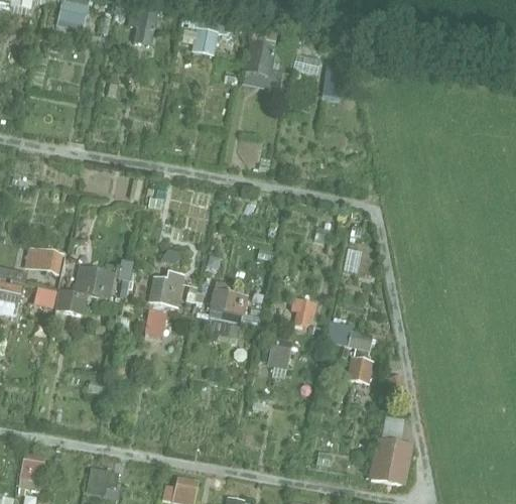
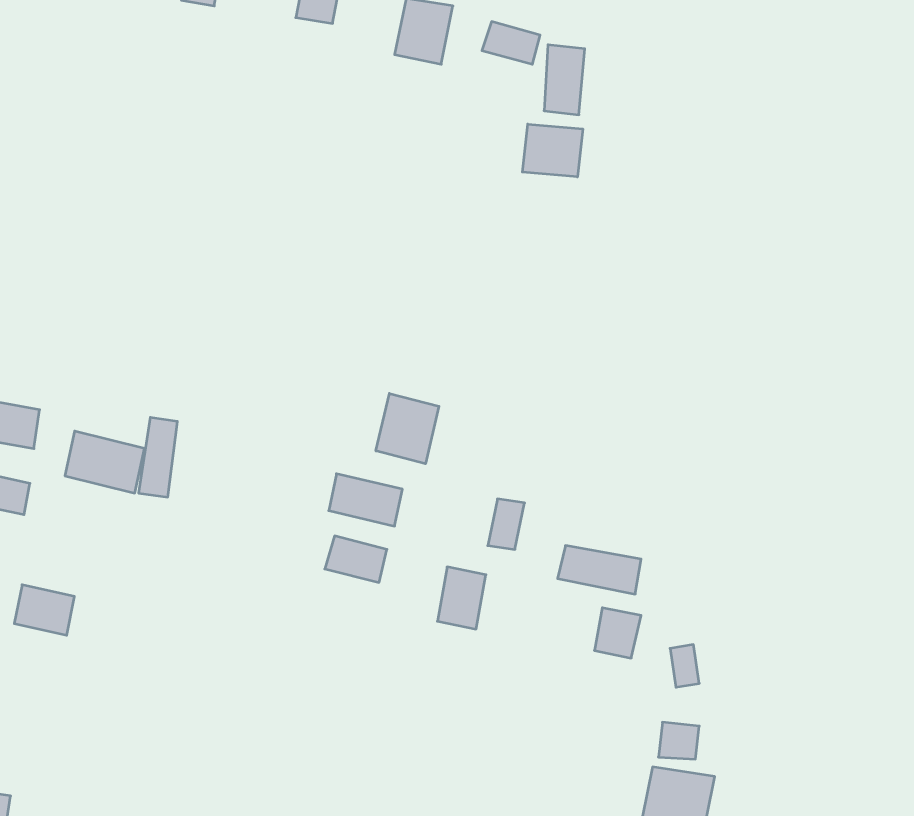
building: none -> [522,124,583,177]
building: none -> [376,393,439,464]
building: [148,276,181,305] -> none
building: [55,288,87,314] -> [14,585,74,635]
building: [144,307,167,338] -> none

